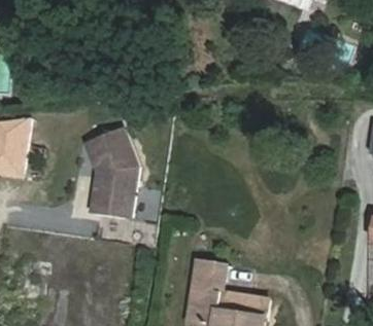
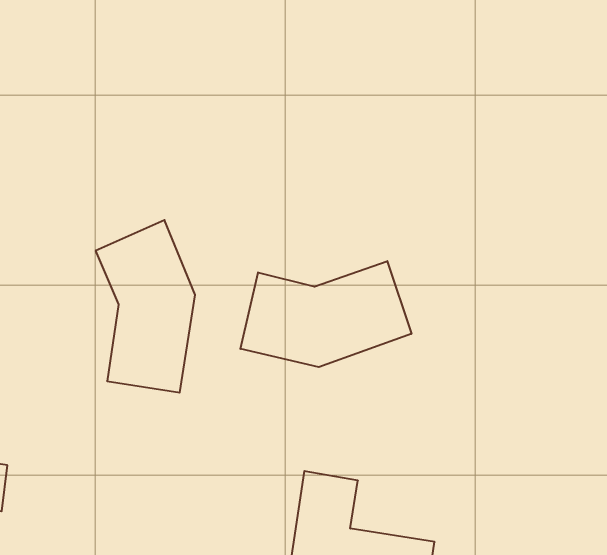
building: none -> [240,261,411,367]

